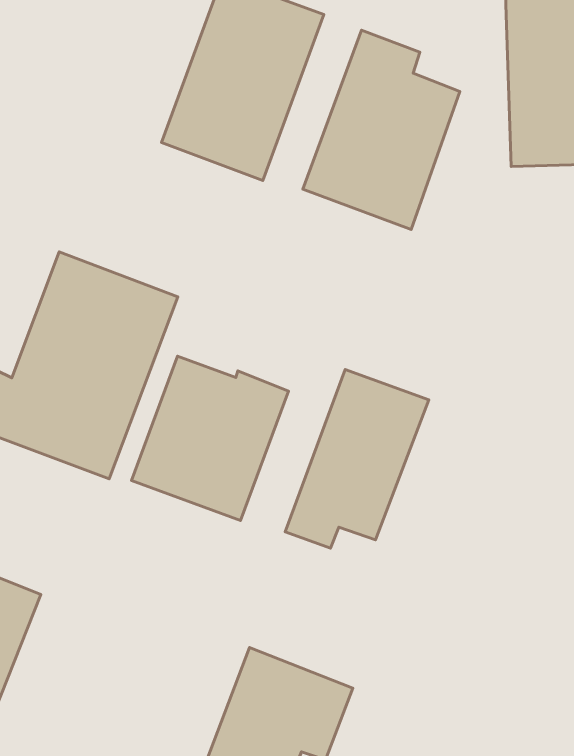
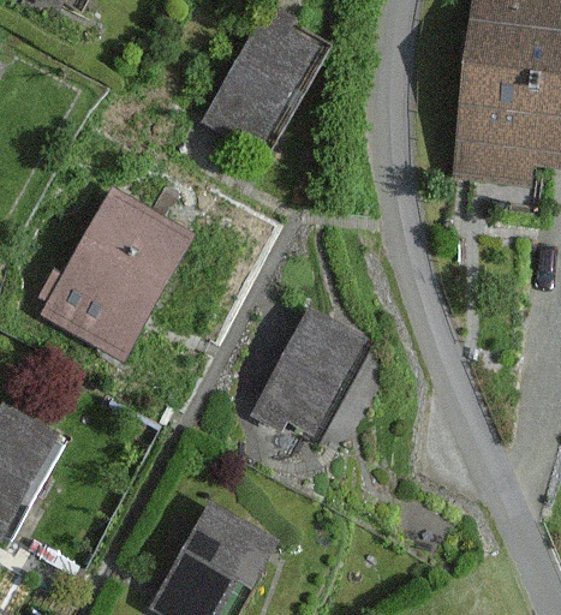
building: [303,30,460,230] -> none
building: [132,356,289,521] -> none

